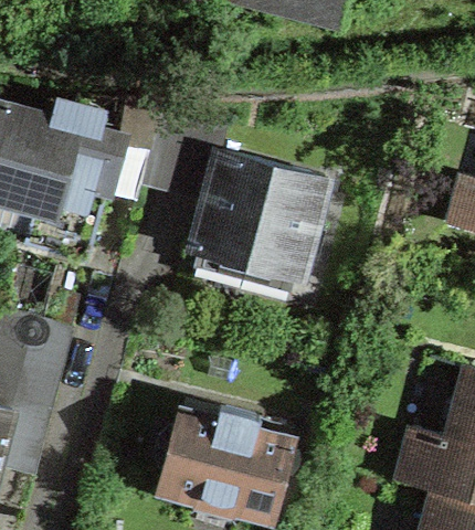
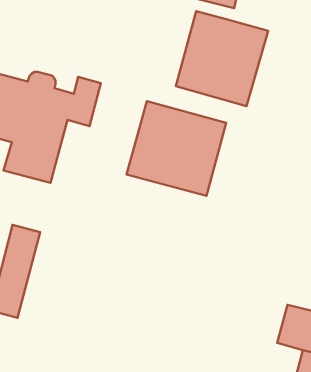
building: none -> [176,11,268,106]
building: [160,409,299,513] -> none

